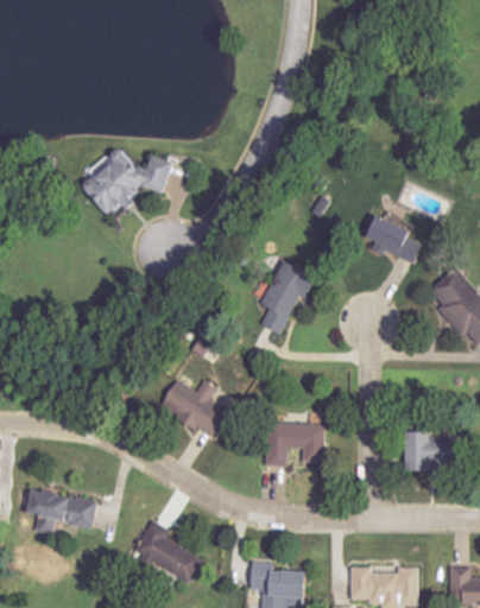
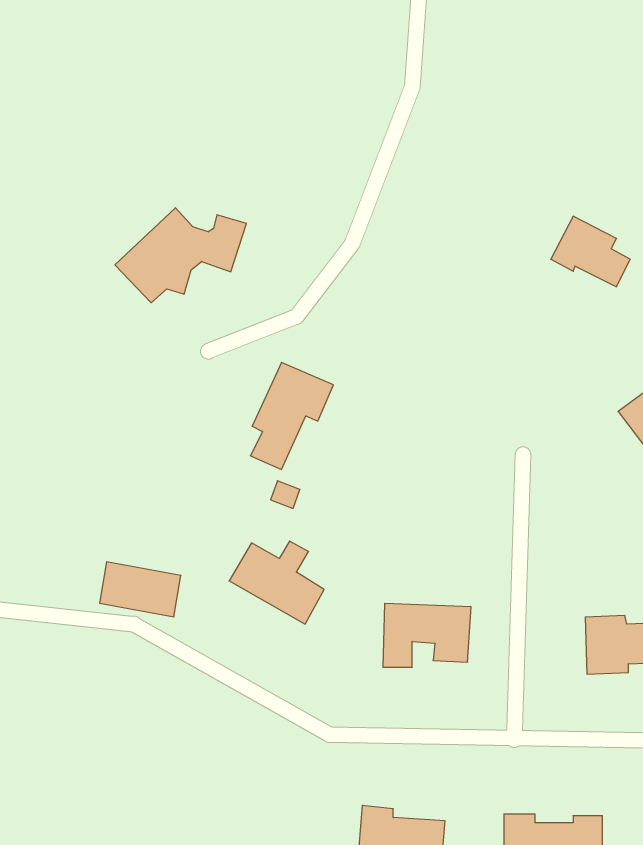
building: [367,215,422,264] -> [551,216,630,287]
building: [259,260,316,334] -> [250,362,333,469]
building: [40,490,96,528] -> [100,562,181,617]
building: [133,520,202,582] -> none

